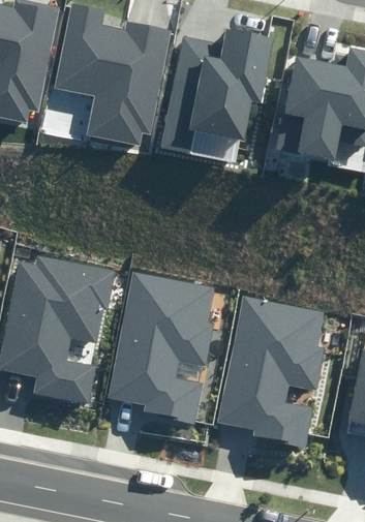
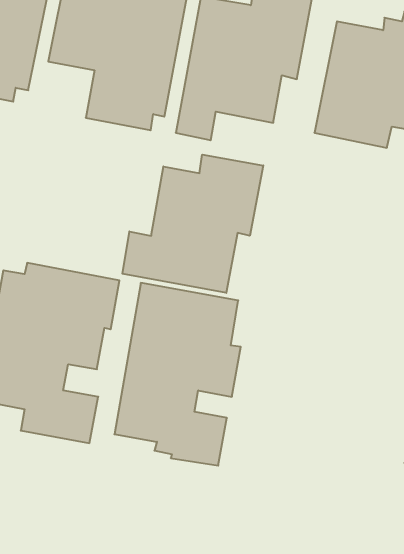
building: none -> [122,155,263,293]
building: [218,298,324,448] -> none

